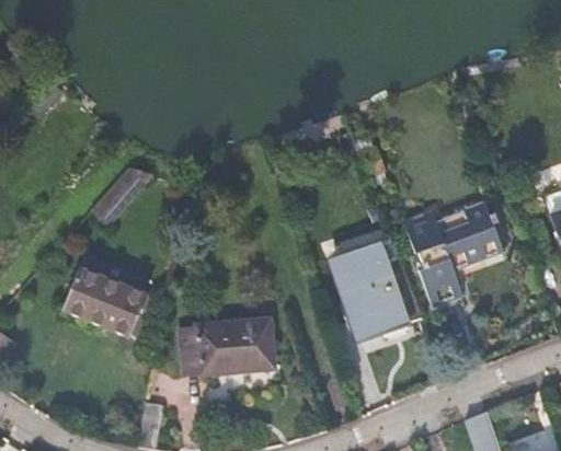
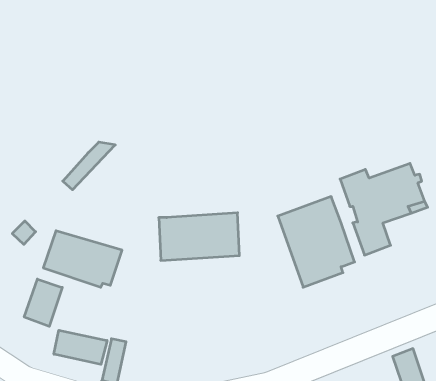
building: [182,316,273,370] -> [159,213,239,260]
building: none -> [24,279,62,326]
building: none -> [54,330,107,364]

